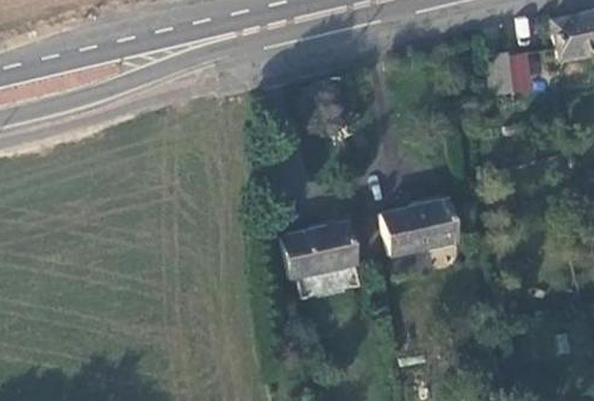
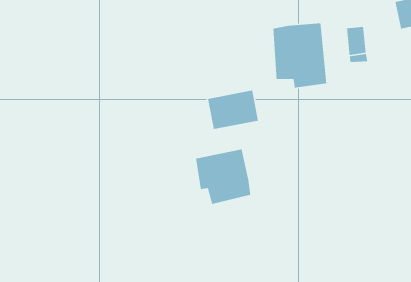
building: none -> [272,22,327,89]
building: [387,199,457,253] -> [207,90,259,130]

